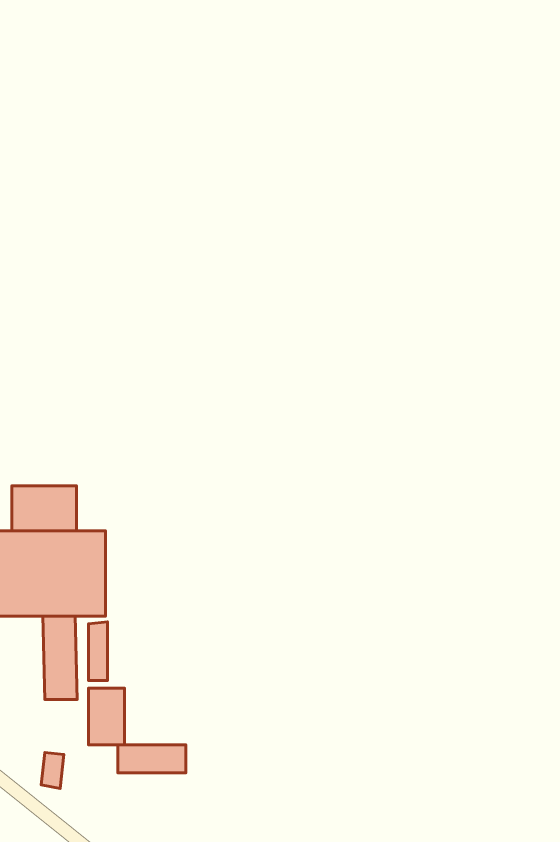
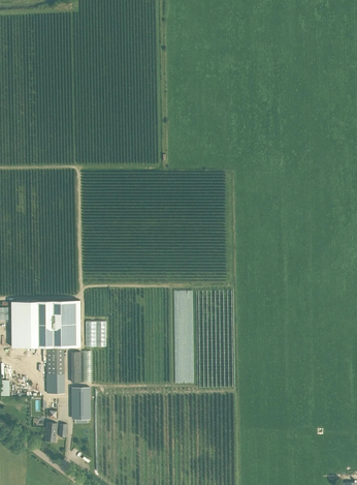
building: [12,486,76,531] -> none
building: [118,745,186,773] -> none

